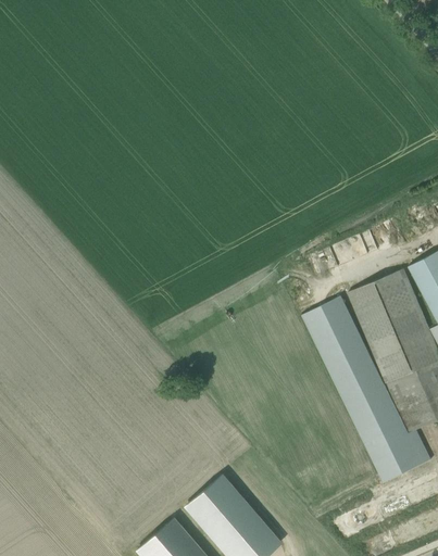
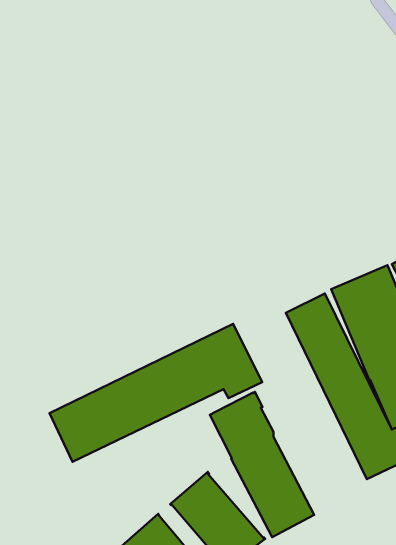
building: none -> [49,324,262,462]
building: none -> [210,392,314,537]

